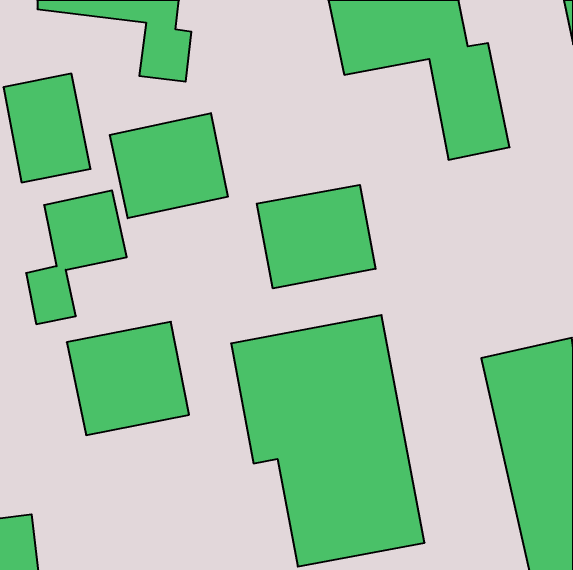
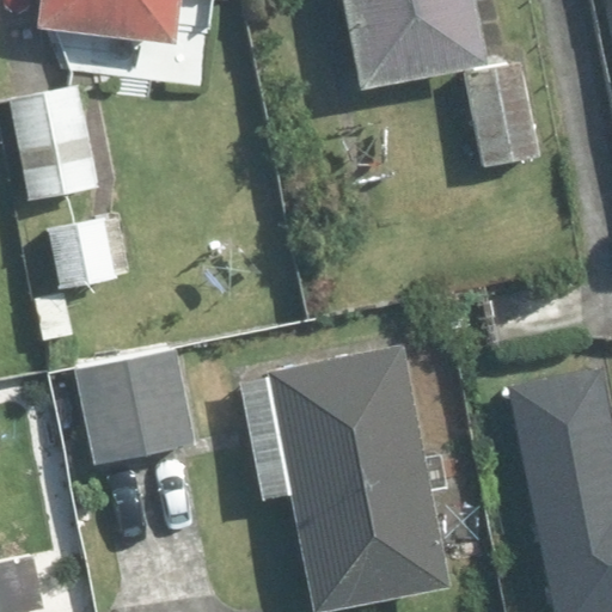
building: [110,113,228,218] -> none
building: [257,185,376,288] -> none

